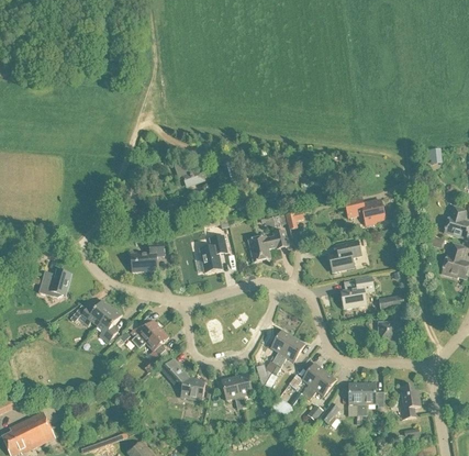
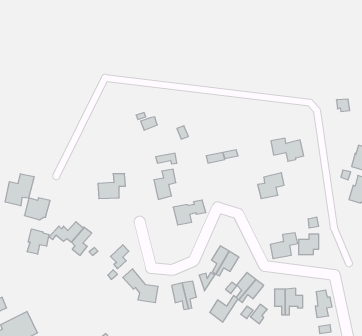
building: [247,231,288,262] -> [173,200,206,225]
building: none -> [5,174,34,206]
building: [339,277,373,309] -> [270,233,298,259]
building: none -> [27,229,49,254]
building: [130,320,160,349] -> none

